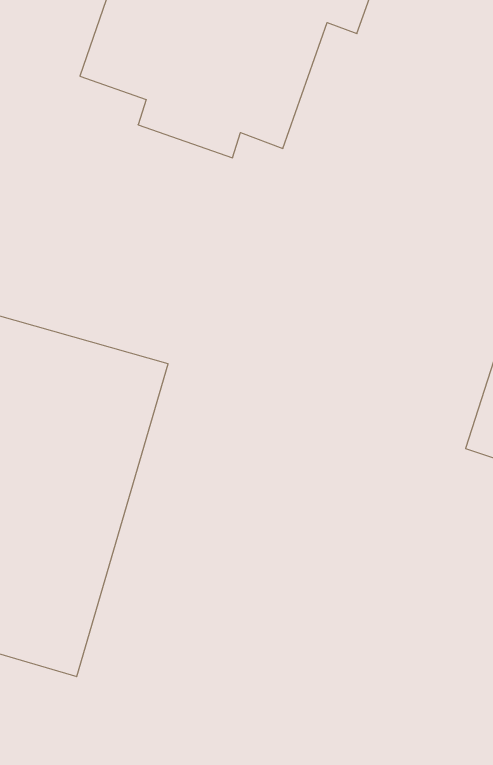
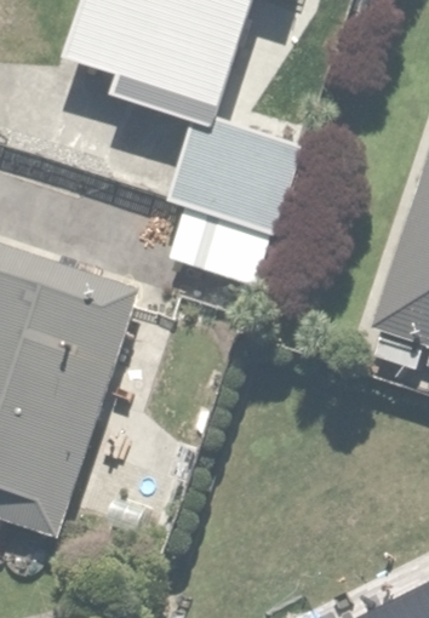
building: none -> [167,118,303,286]

